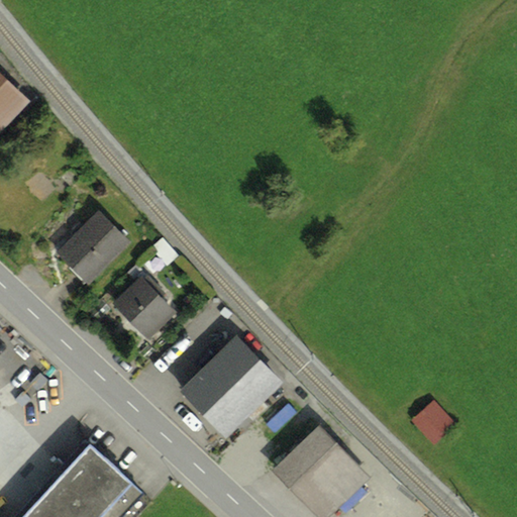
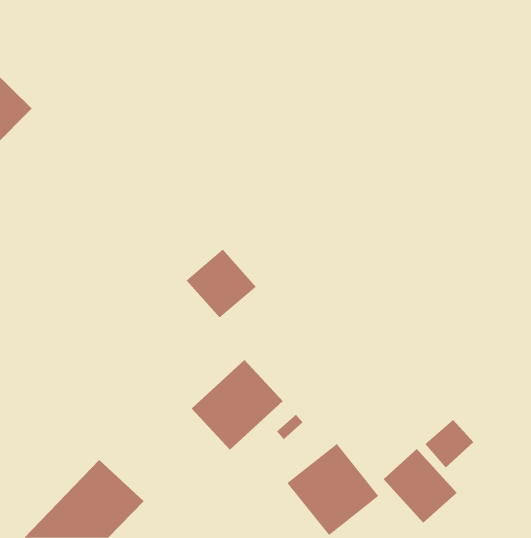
building: [57,215,127,285] -> none
building: [112,277,180,343] -> [186,249,256,318]
building: none -> [383,448,457,523]

